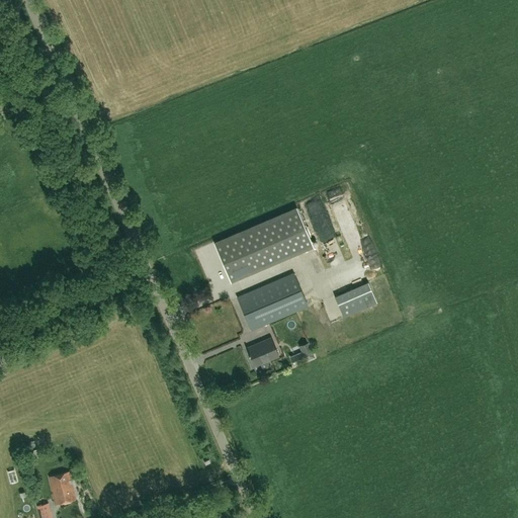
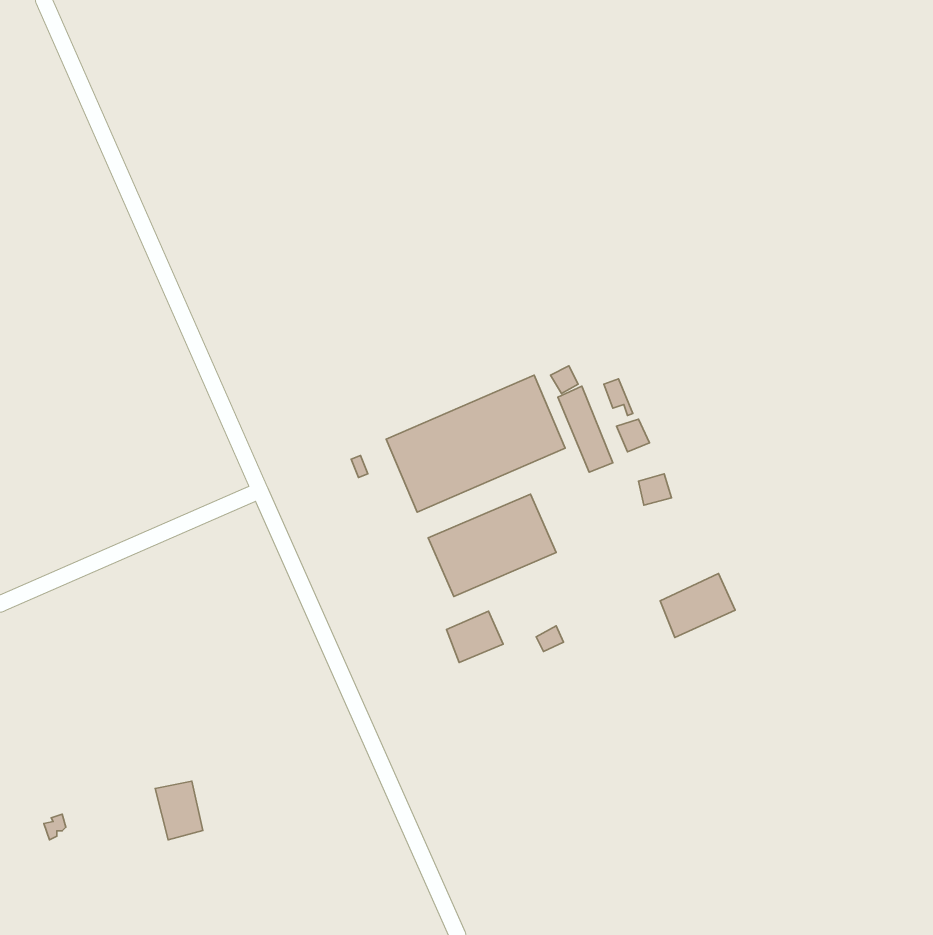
building: [336,281,377,317] -> [660,574,735,638]
building: [50,472,76,505] -> [155,781,203,840]

